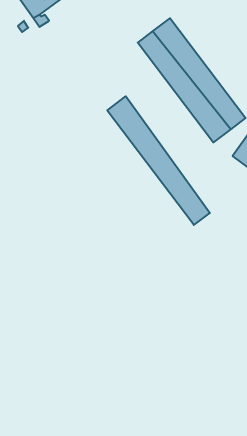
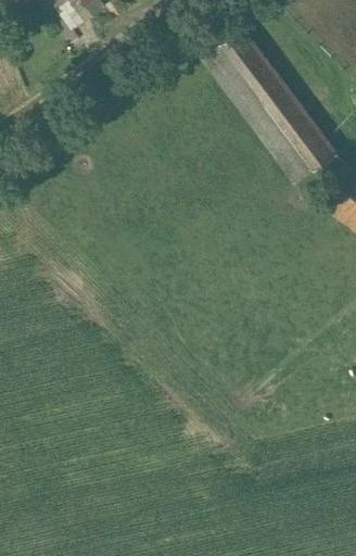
building: [107,96,210,225] -> none

